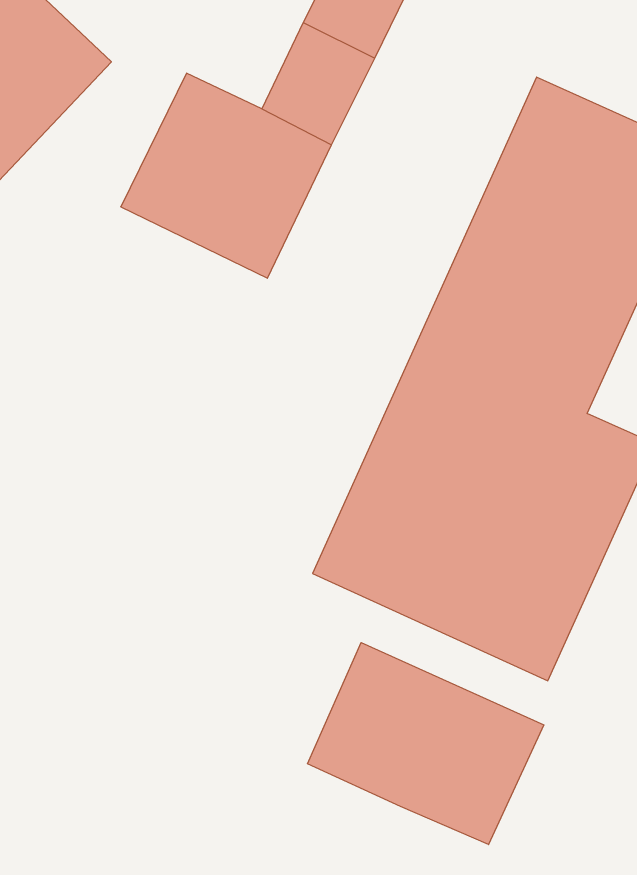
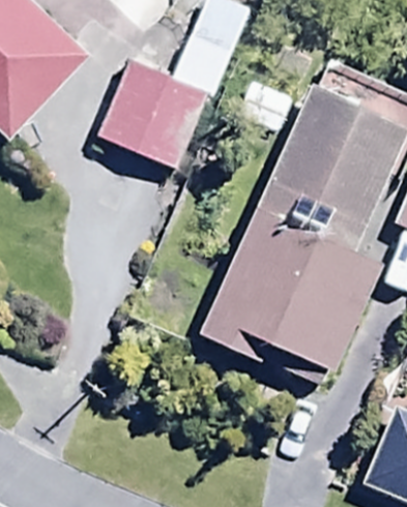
building: [307,643,544,845] -> none

